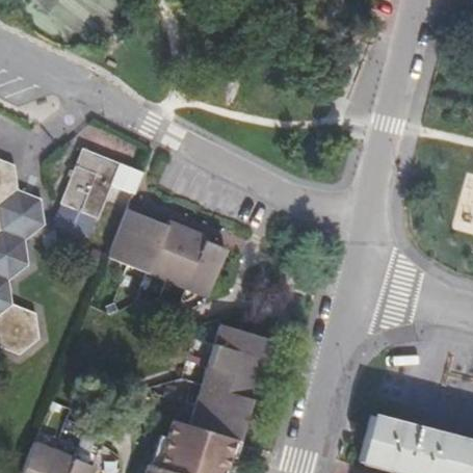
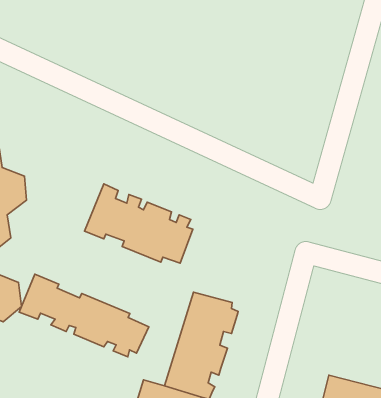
building: [59,150,140,228] -> none
building: none -> [19,274,149,357]

